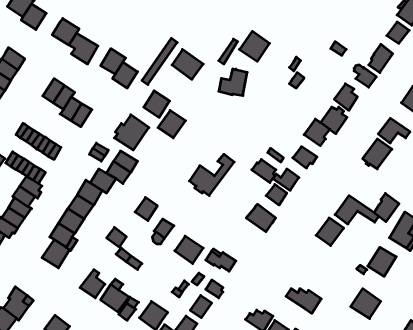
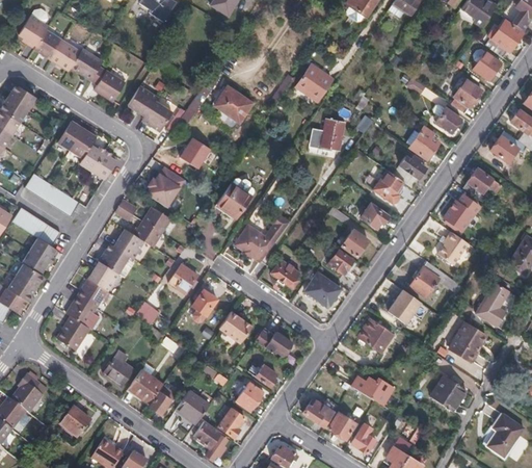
building: none -> [50,42,79,72]
building: [219,69,247,96] -> [310,118,344,150]
building: [158,110,186,138] -> [217,184,250,217]
building: [252,159,276,183] -> [270,259,299,287]
building: [374,193,399,222] -> [438,231,469,265]
building: none -> [358,320,392,352]

